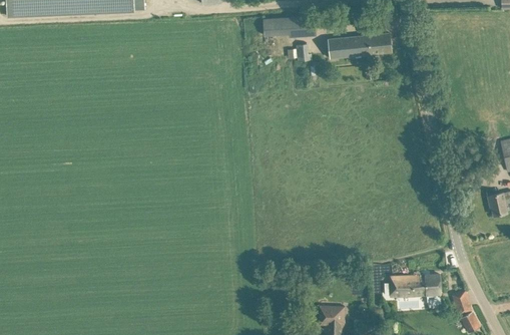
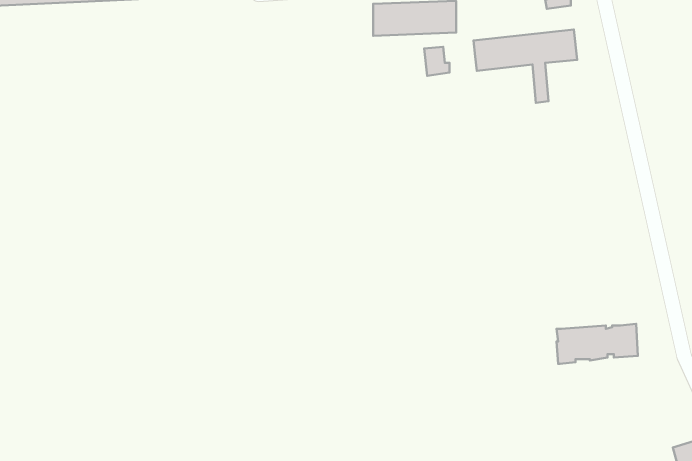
building: [390,274,441,299] -> [557,324,638,364]

